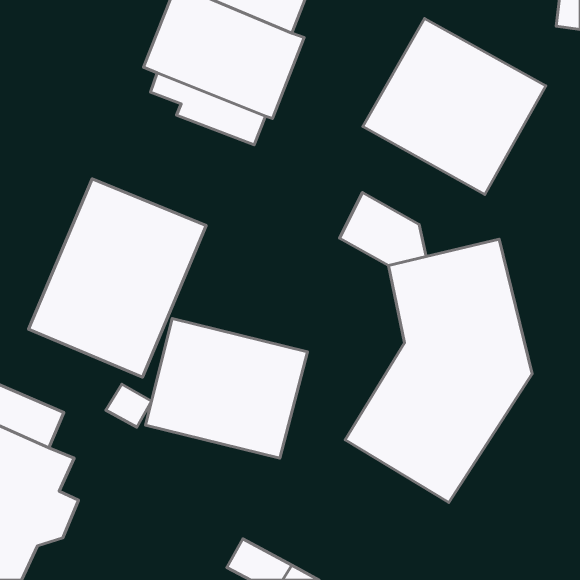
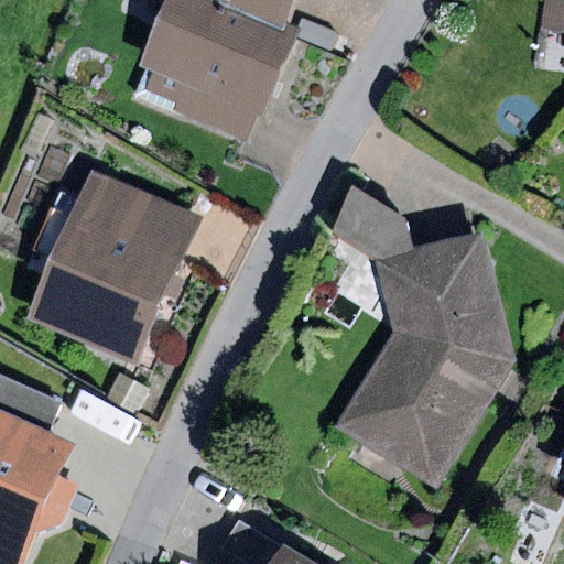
building: [363,19,546,195] -> none
building: [146,318,307,458] -> none

